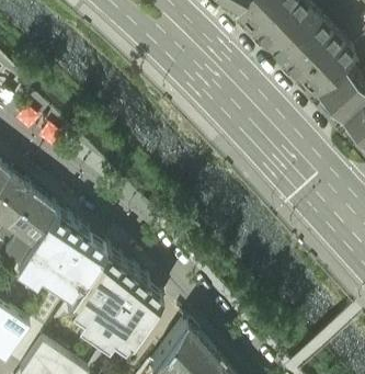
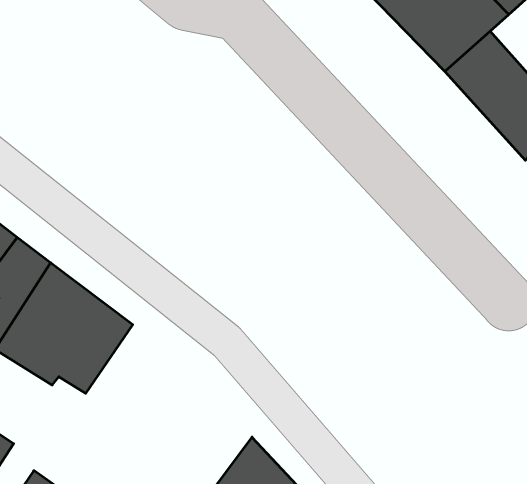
building: [66,249,161,348] -> none

